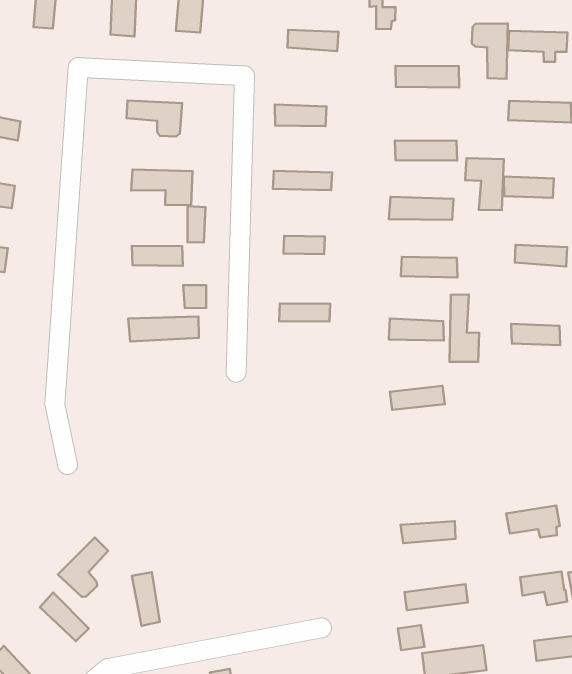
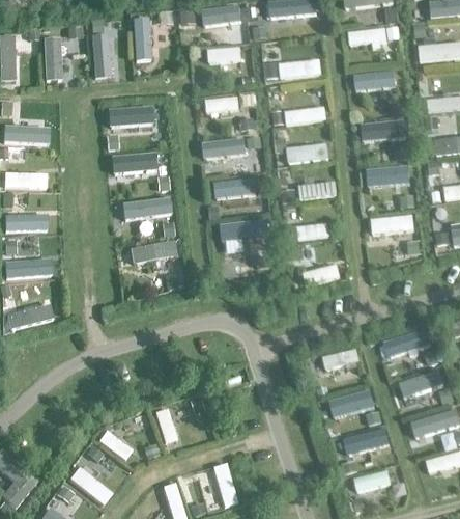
building: [472,24,508,79] -> none
building: [465,158,504,210] -> none
building: [450,294,479,362] -> none
building: [58,537,108,597] -> none

